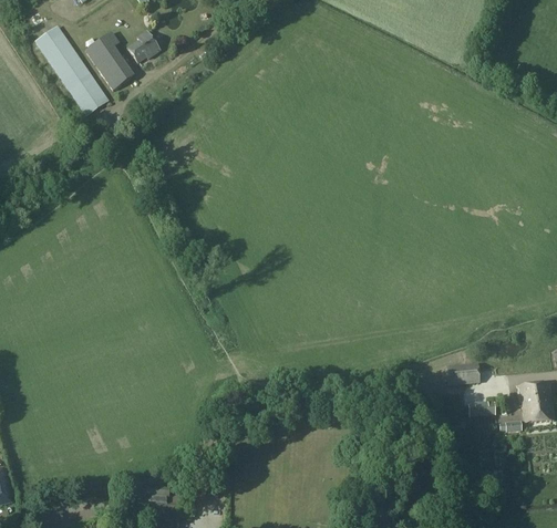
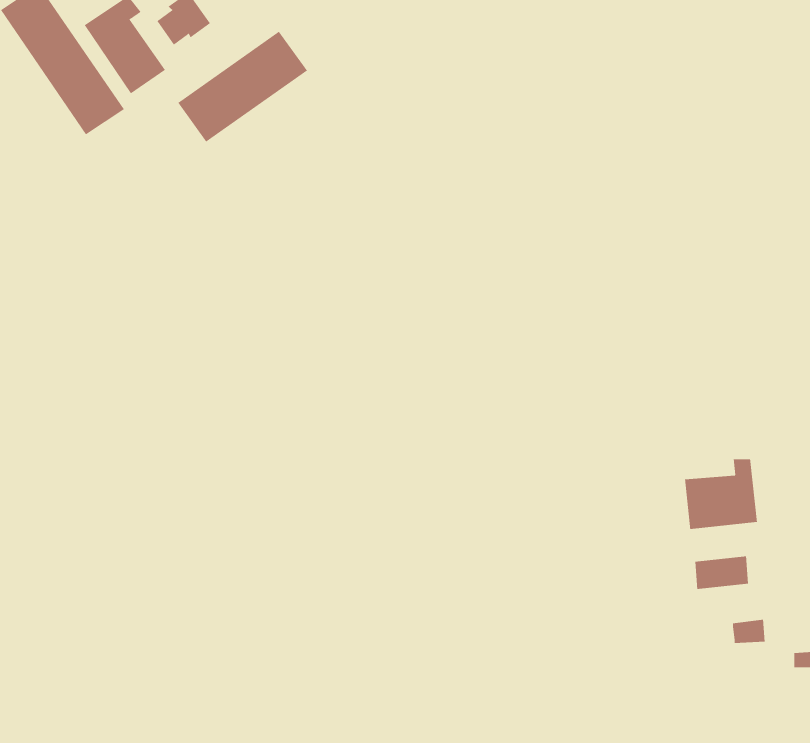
building: none -> [177,31,308,143]
building: none -> [684,459,758,530]

